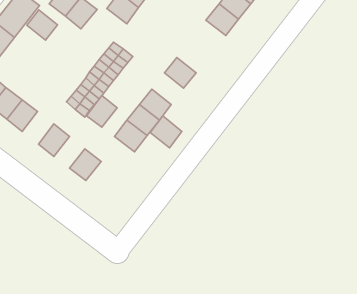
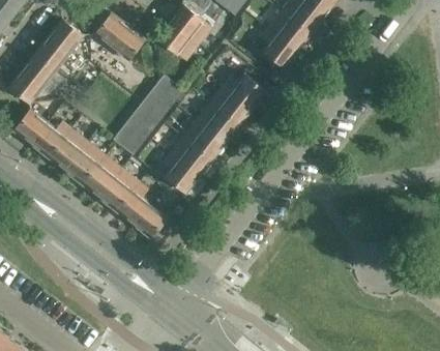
building: [27,10,58,40] -> none
building: none -> [232,74,266,108]
building: [87,95,117,127] -> [99,176,133,210]
building: none -> [65,149,99,184]
building: [150,116,182,148] -> [205,108,239,142]
building: none -> [134,203,168,238]

